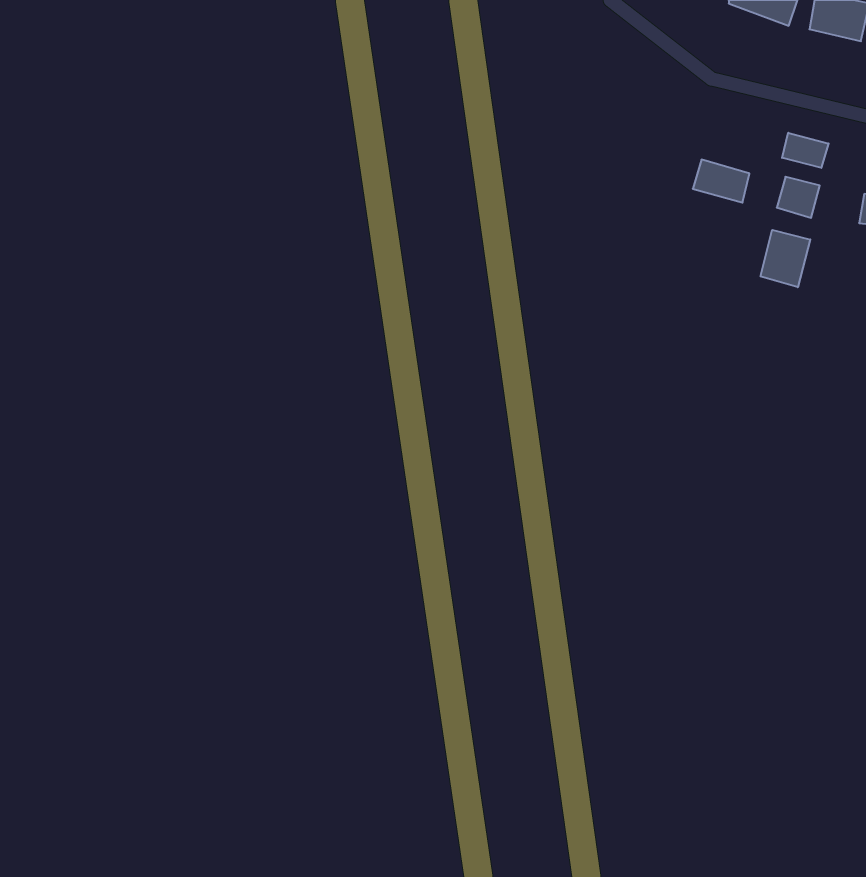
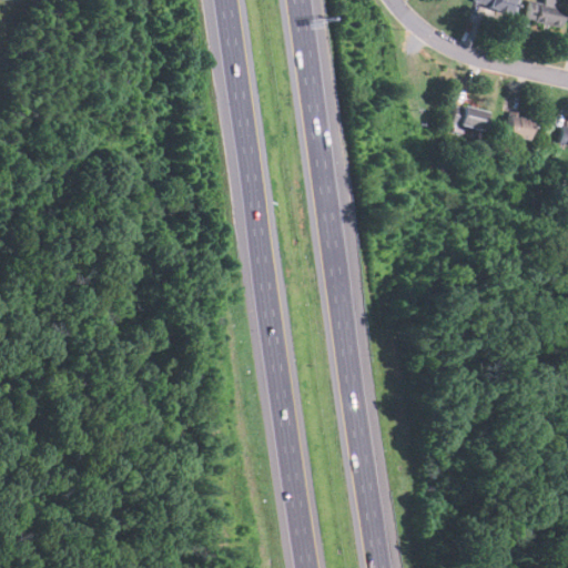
building: [782,133,829,168] -> none
building: [761,230,810,287] -> none

